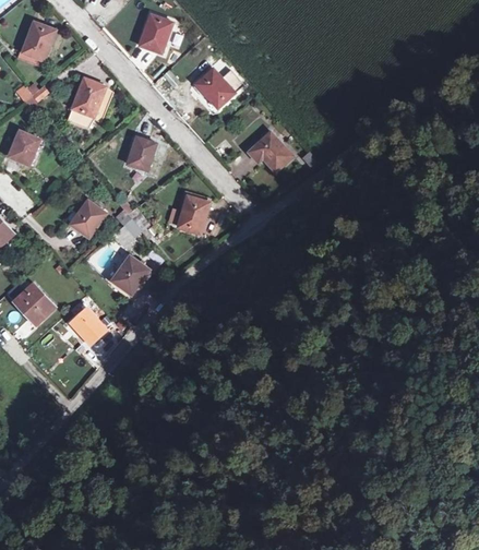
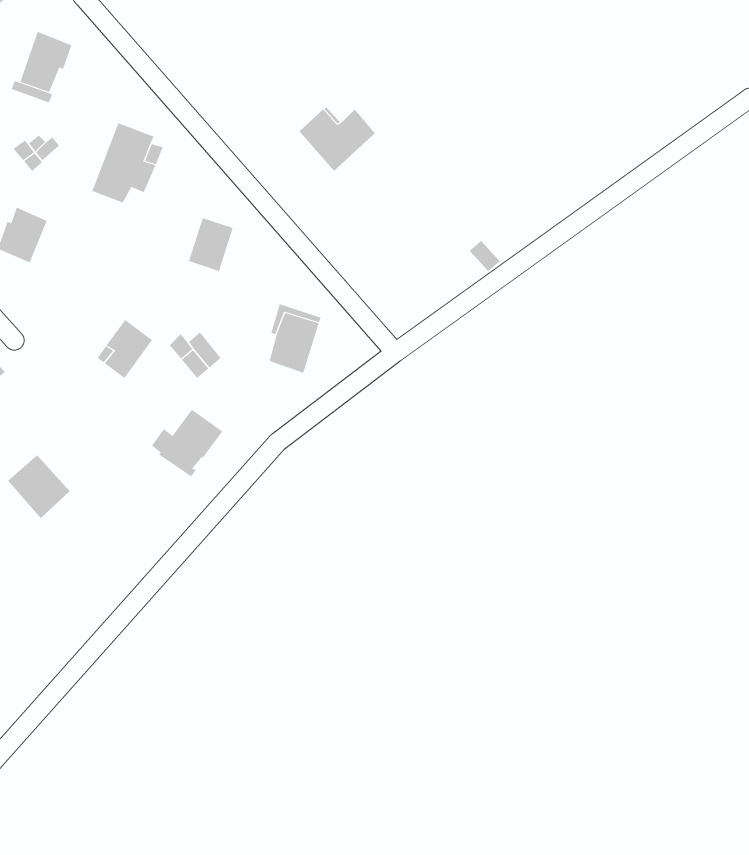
building: [139,14,172,52] -> none
building: [248,132,291,171] -> none
building: [71,308,105,343] -> none

